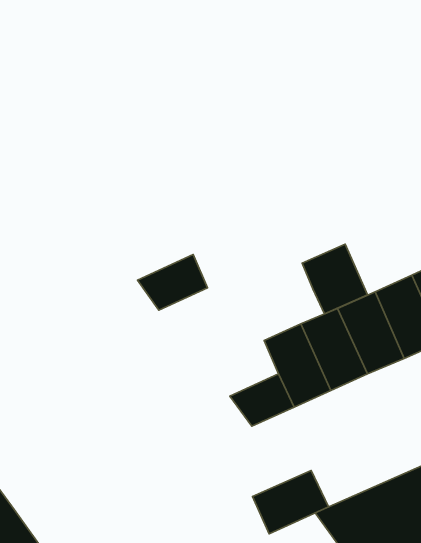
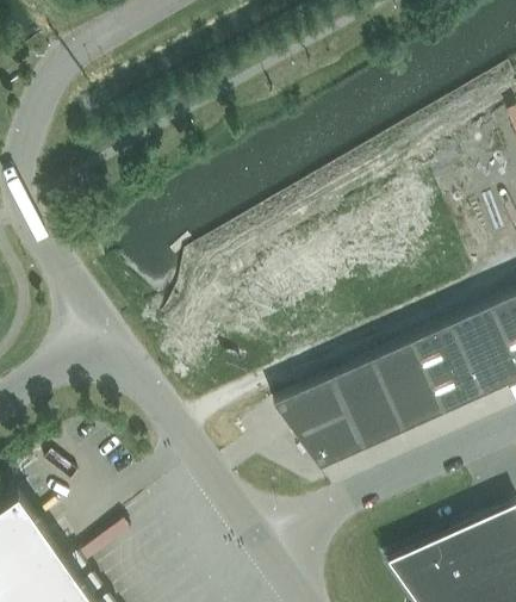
building: [302,244,368,314] -> none
building: [138,254,208,310] -> [272,378,347,437]
building: [252,470,328,534] -> none

